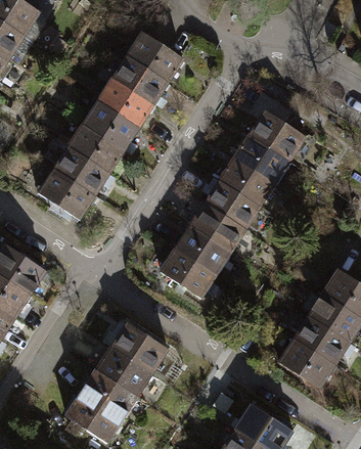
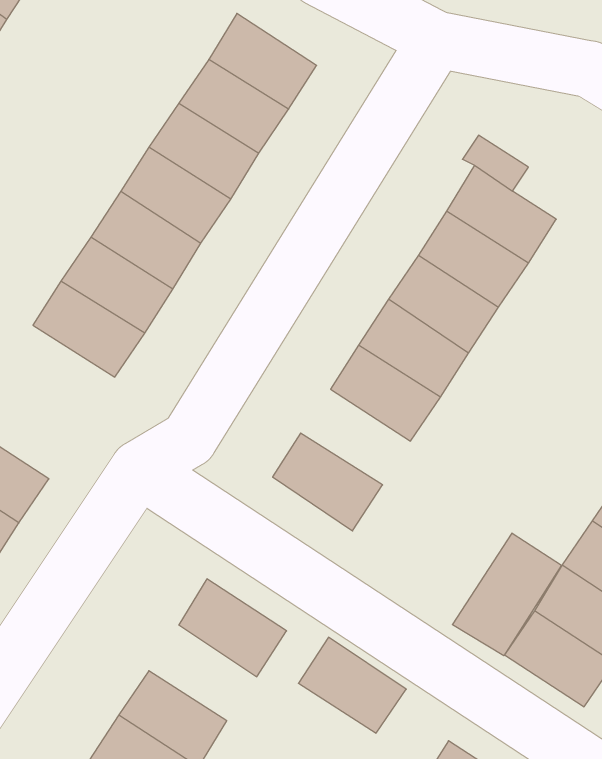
building: [174,225,230,274] -> none
building: none -> [452,533,561,656]
building: [96,346,151,395] -> [298,637,406,733]

